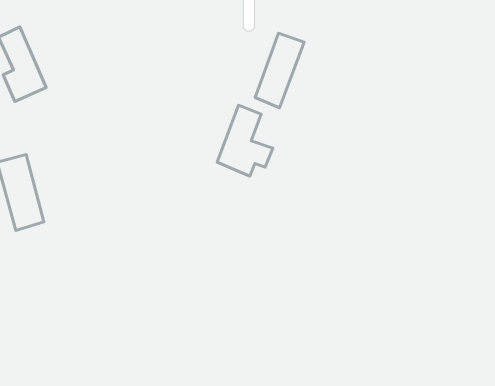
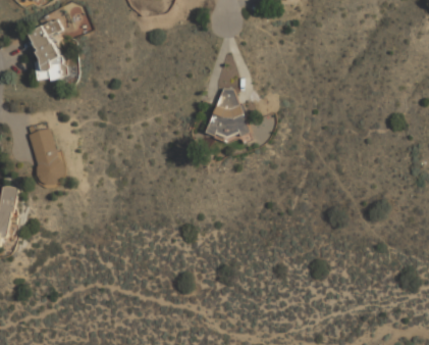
building: [255,33,304,108] -> none

